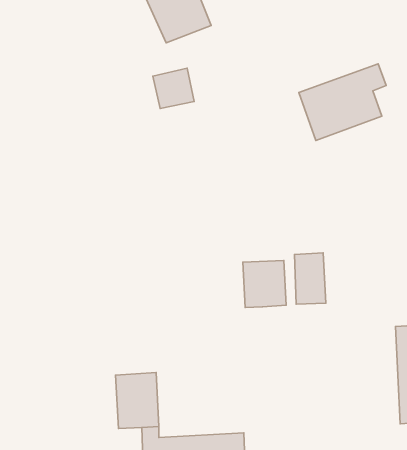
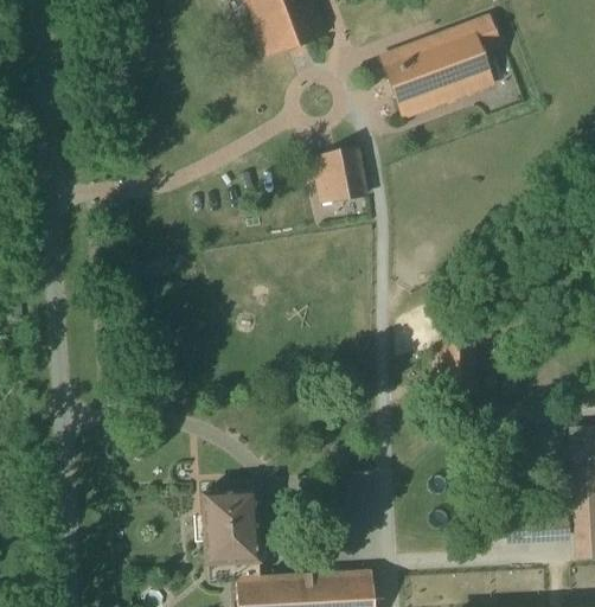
building: [299,64,386,140] -> [384,18,499,119]
building: [153,68,194,109] -> [313,149,367,203]
building: [243,261,286,308] -> none

